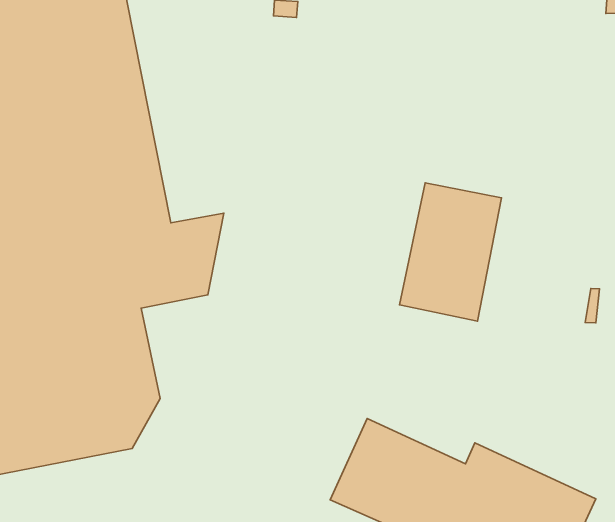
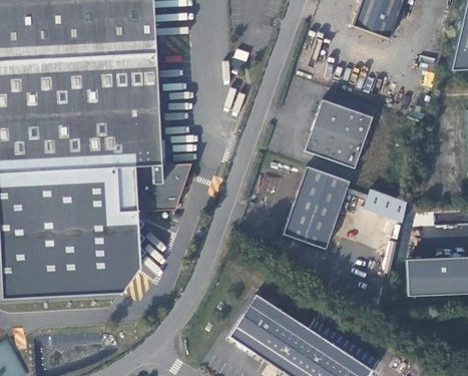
building: none -> [302,101,371,171]
building: none -> [361,193,404,227]

